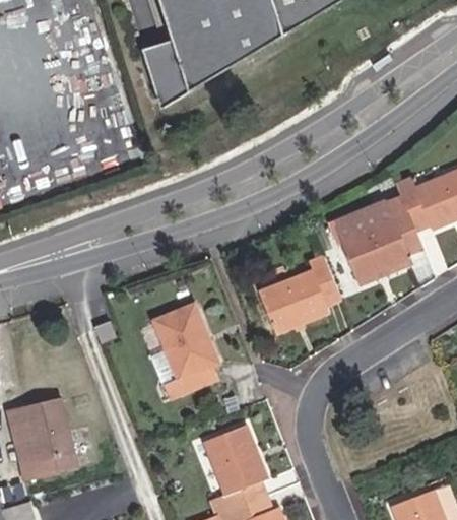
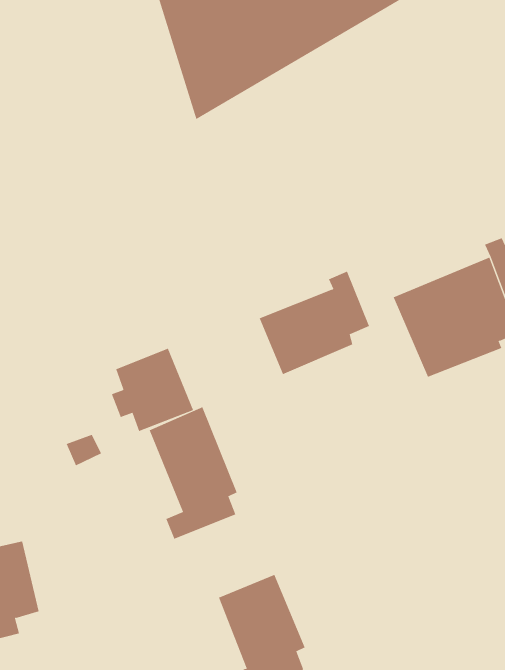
building: [141,40,187,108] -> none
building: [258,257,339,333] -> [259,271,370,375]
building: none -> [111,348,194,432]

